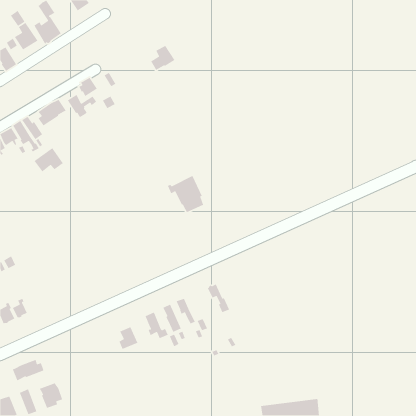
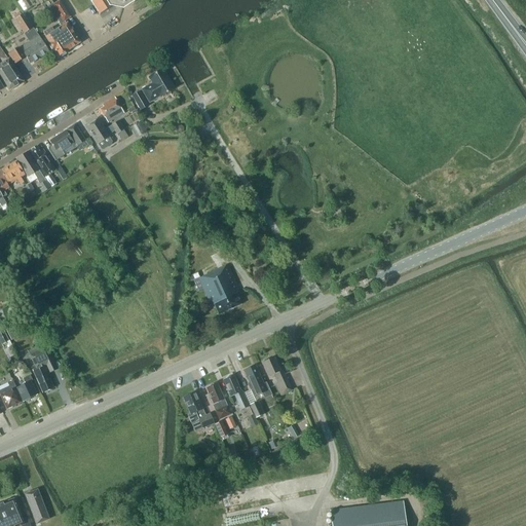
building: [150,45,175,71] -> [141,69,173,102]
building: [34,147,64,173] -> none
building: [167,175,204,213] -> [192,266,239,314]
building: none -> [29,346,57,392]
building: none -> [242,365,270,398]
building: [118,326,138,350] -> none
building: [12,359,44,382] -> none
building: [39,382,63,409] -> none

